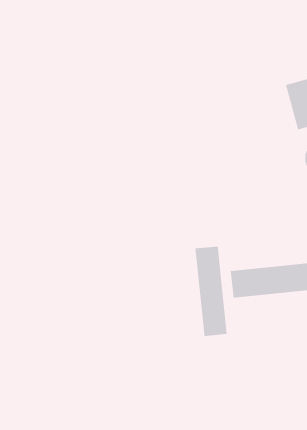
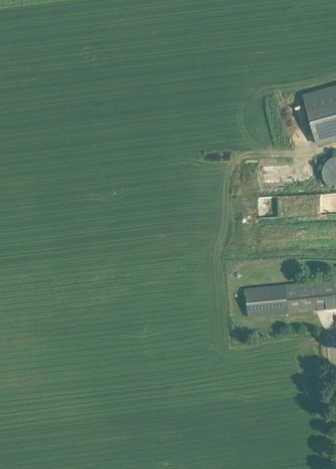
building: [195,246,227,337] -> none

